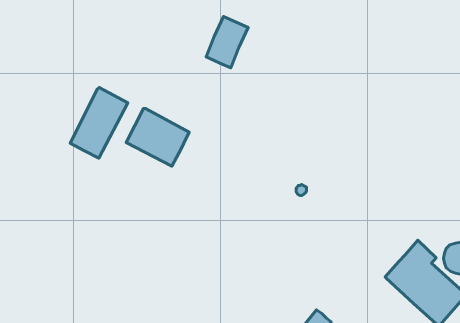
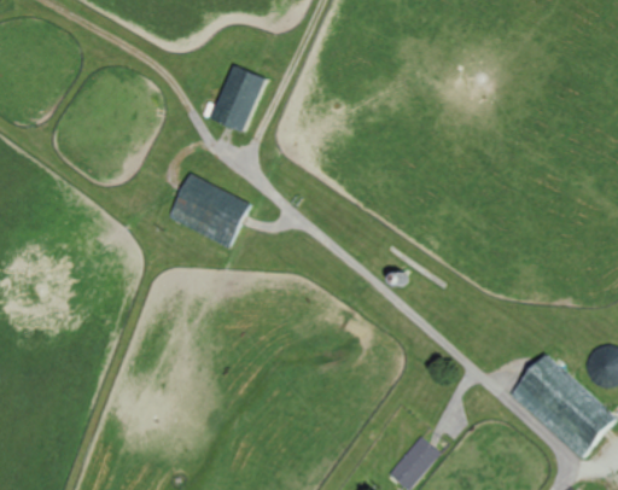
building: [206,16,248,68] -> [212,66,268,134]
building: [70,88,128,158] -> none

